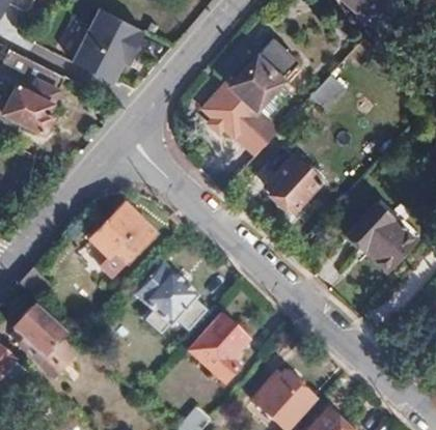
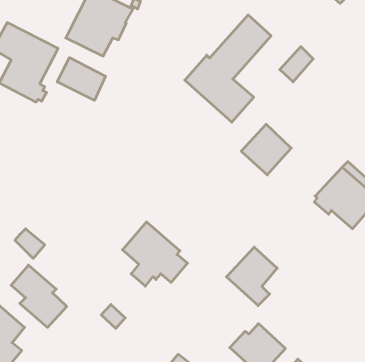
building: none -> [57,58,106,100]
building: [90,207,152,276] -> none
building: [191,316,246,379] -> [226,247,277,306]

